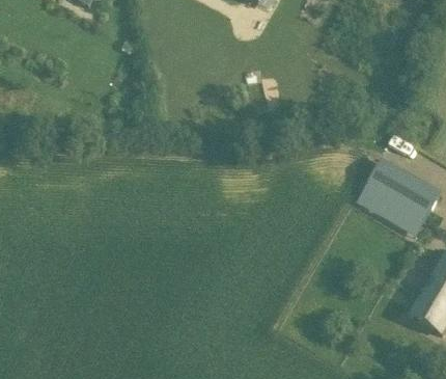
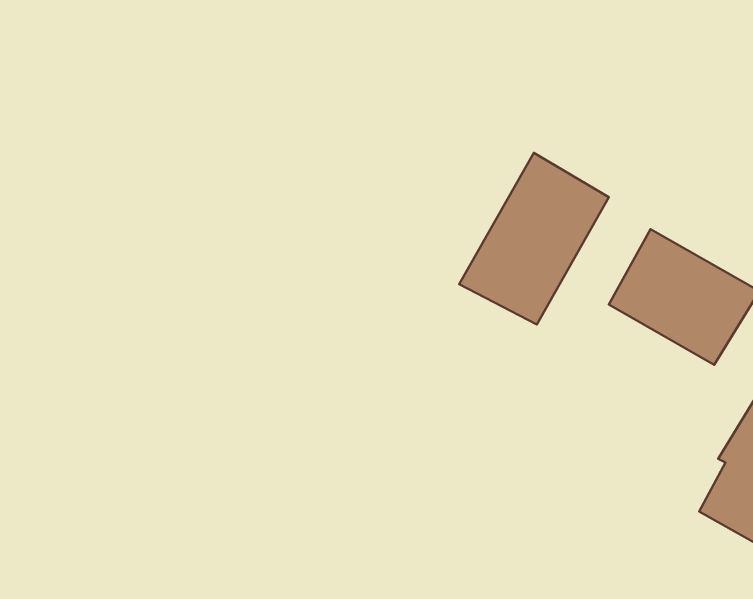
building: none -> [459,153,609,324]

